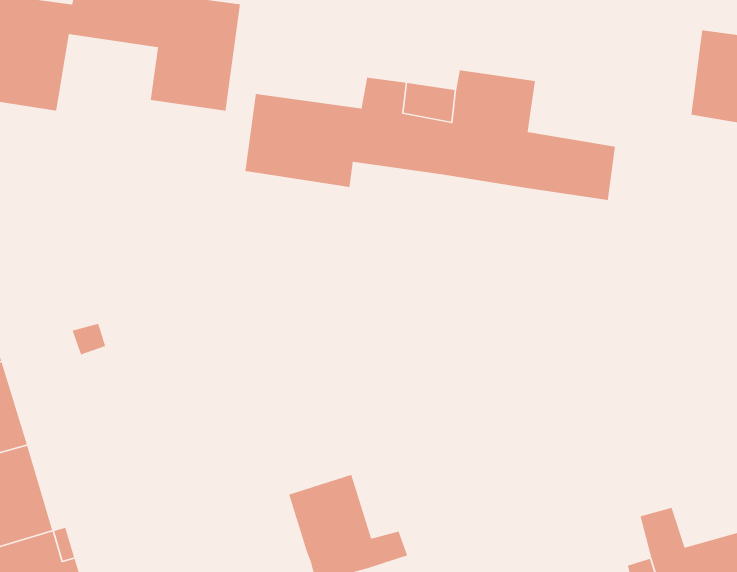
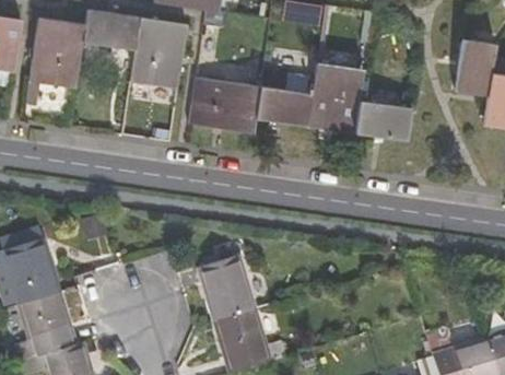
building: none -> [200,256,254,318]

